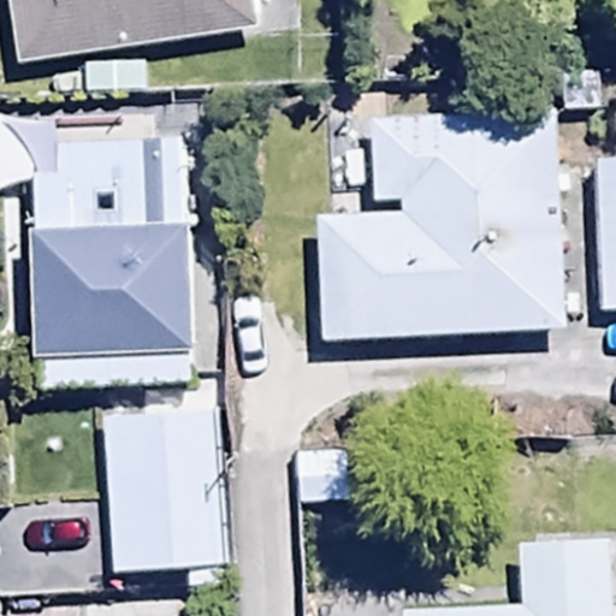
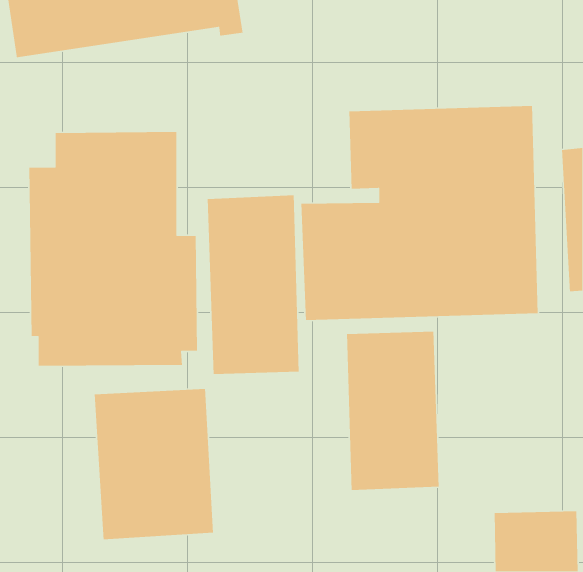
building: none -> [207,195,300,375]
building: none -> [346,331,439,491]

